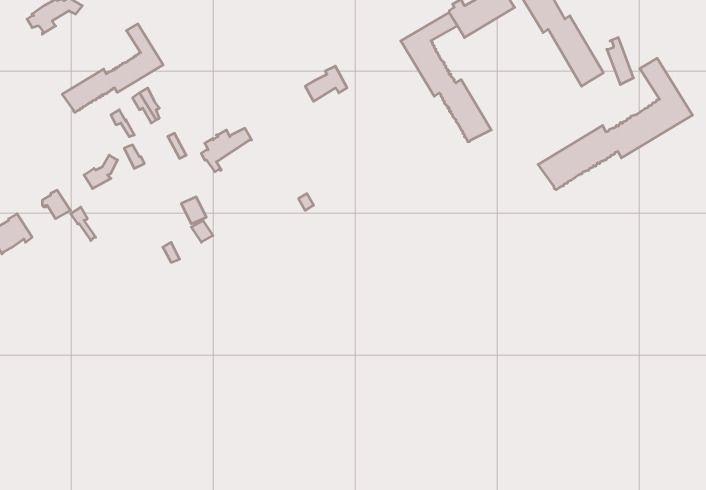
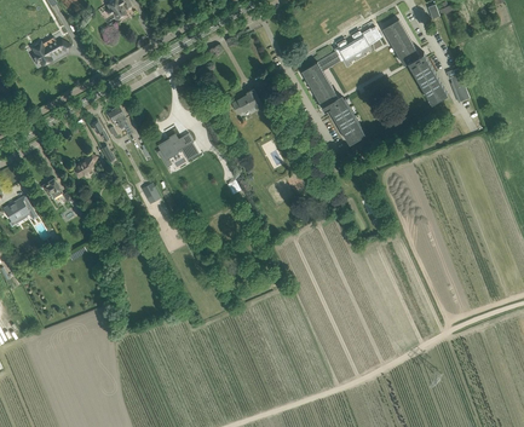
building: [62,24,163,112] -> none
building: [538,58,693,190] -> none

